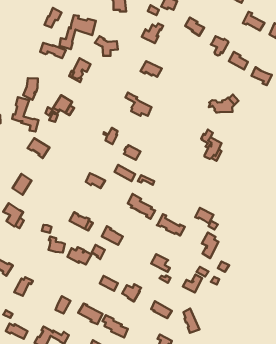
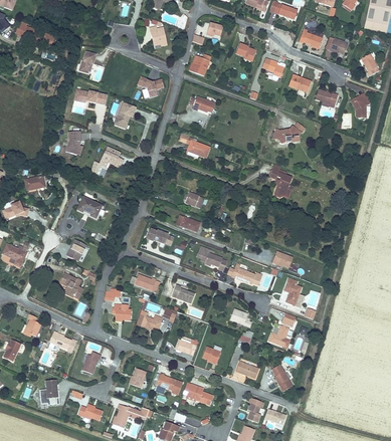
building: [59,15,96,49] -> none
building: [12,97,39,131] -> none

